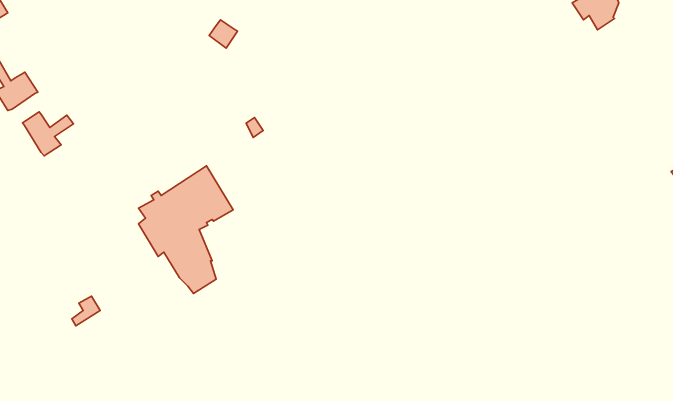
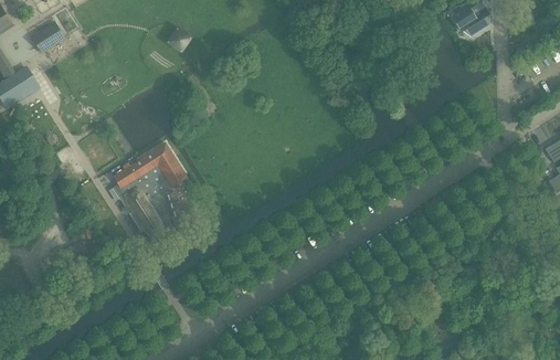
building: none -> [32,23,64,52]
building: [22,112,73,156] -> none

